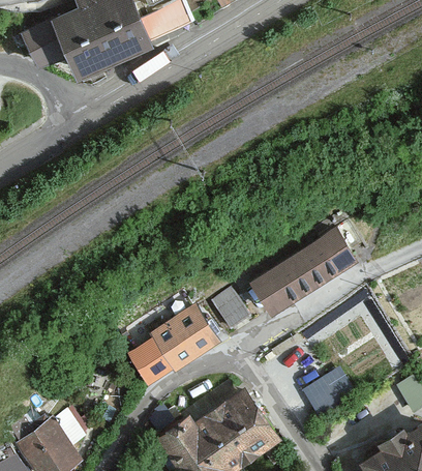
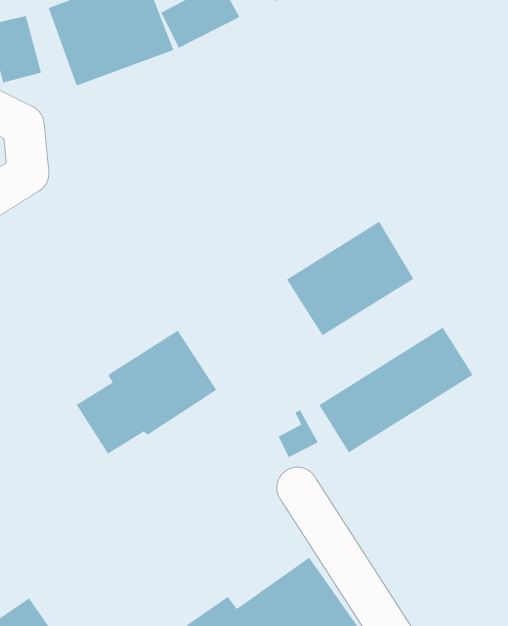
building: none -> [286,221,414,336]
building: [125,301,222,387] -> [76,330,217,455]
building: [301,366,356,418] -> none

